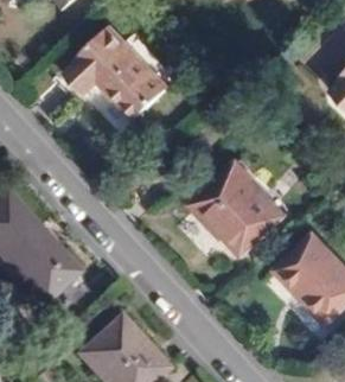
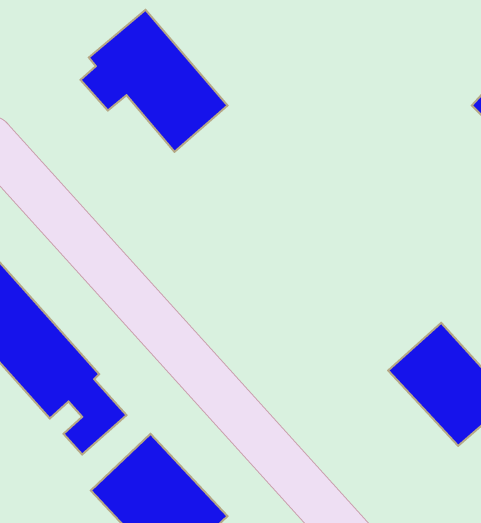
building: [198,163,287,253] -> none

